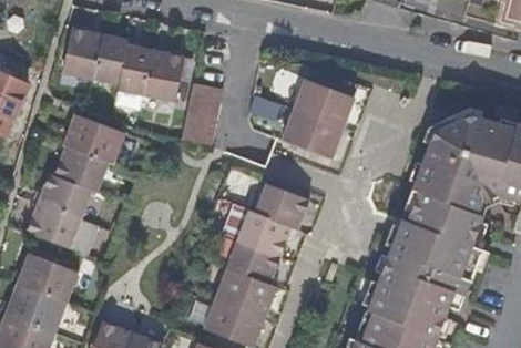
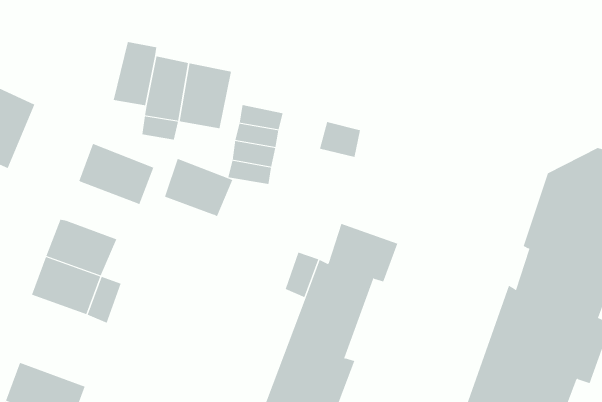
building: [61,31,101,81] -> none
building: [283,70,355,150] -> none
building: [54,144,108,190] -> [164,158,233,217]
building: [18,254,79,303] -> none

